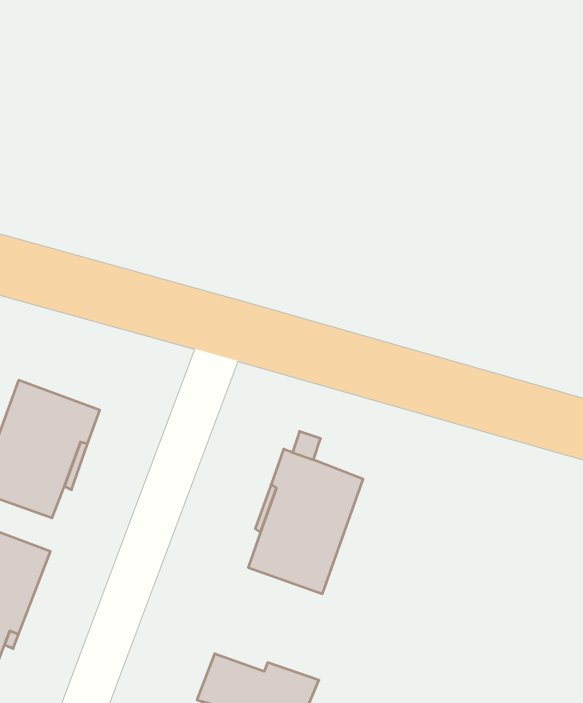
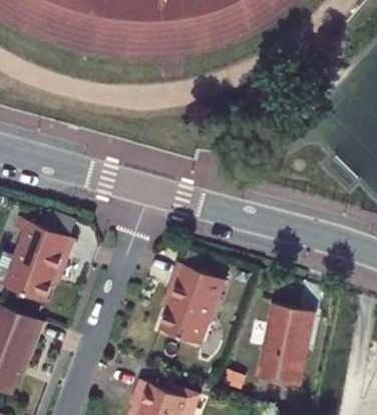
building: none -> [257,303,314,385]

